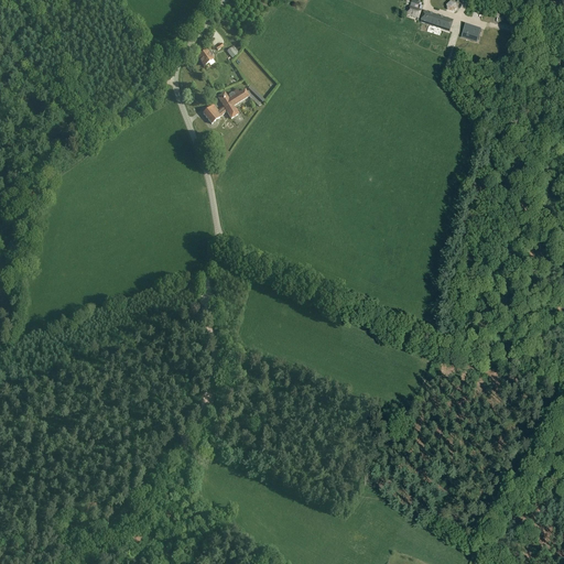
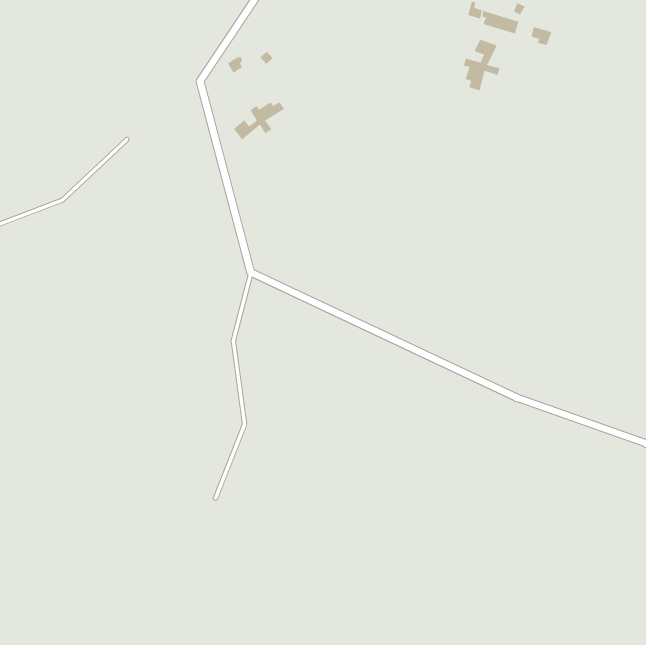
building: none -> [463,39,500,91]

